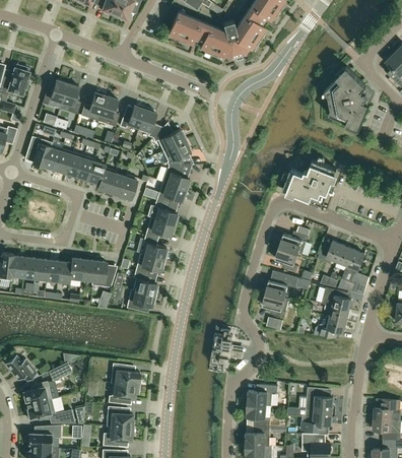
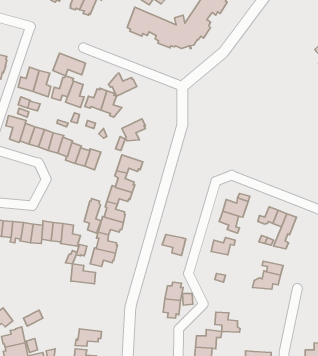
building: none -> [53,53,86,76]
building: [324,67,375,127] -> none
building: [153,125,186,151] -> [109,73,137,96]
building: [282,159,337,205] -> none
building: [162,165,190,190] -> none
building: none -> [84,198,101,233]
building: [322,287,351,310] -> none
building: [262,293,289,318] -> [162,234,186,255]
building: [112,363,140,386] -> [71,264,95,284]
building: [307,387,336,410] -> [215,312,240,332]

